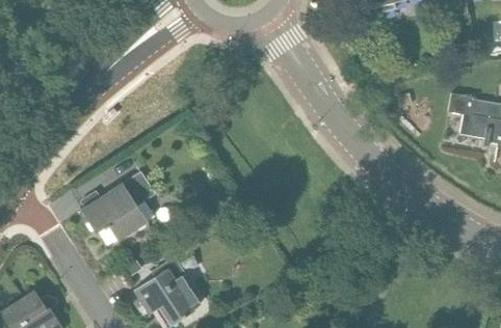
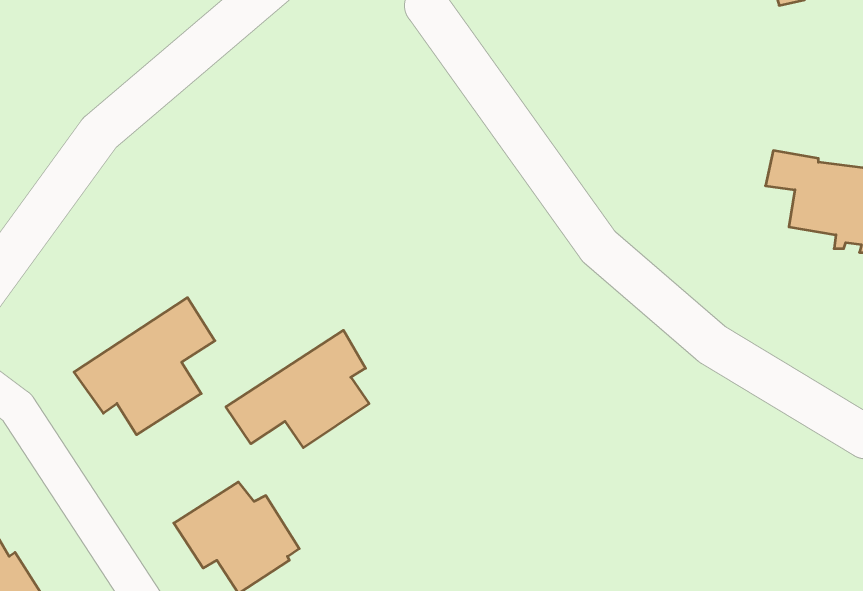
building: none -> [226,330,369,448]

